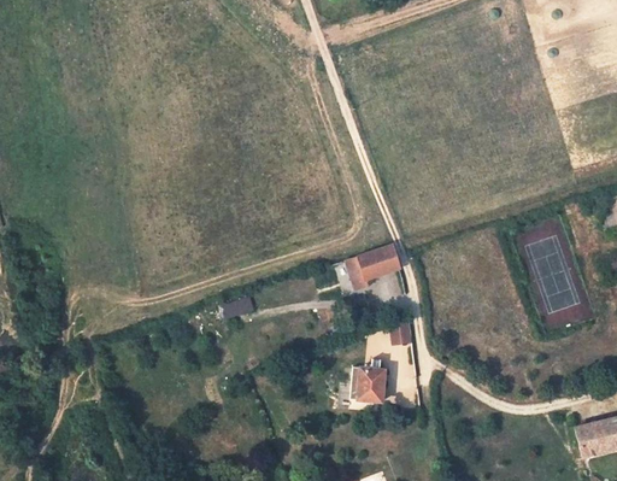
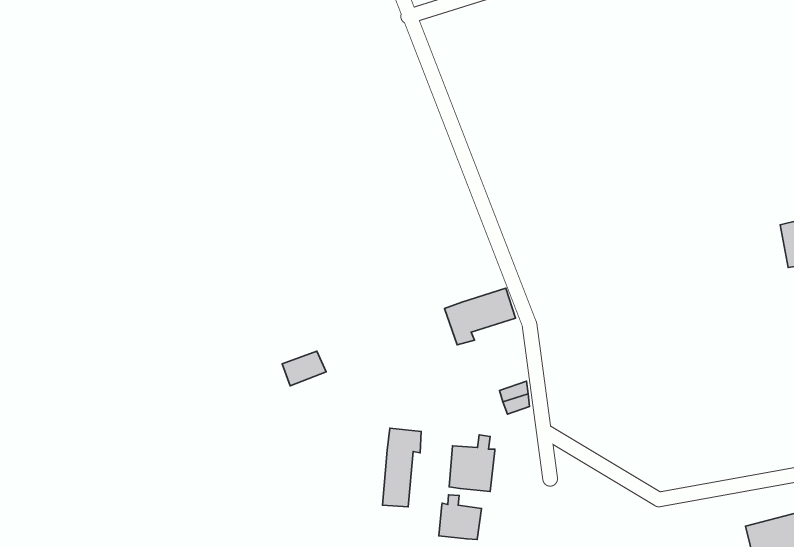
building: none -> [382,428,421,507]
building: none -> [439,495,482,540]

